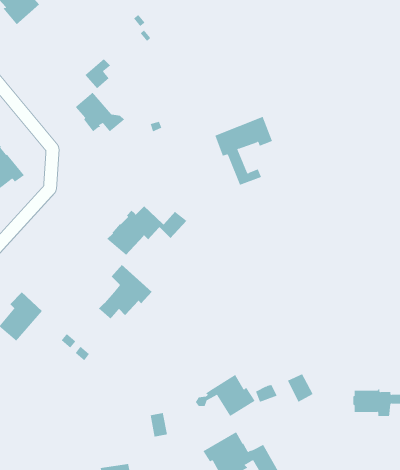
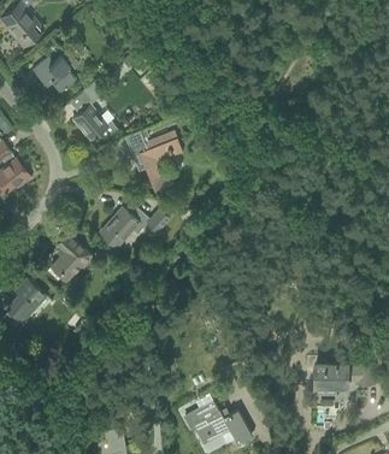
building: none -> [31,57,78,93]
building: [215,116,273,185] -> [132,131,183,191]
building: [98,264,152,319] -> [47,234,94,282]
building: [195,373,256,417] -> none

